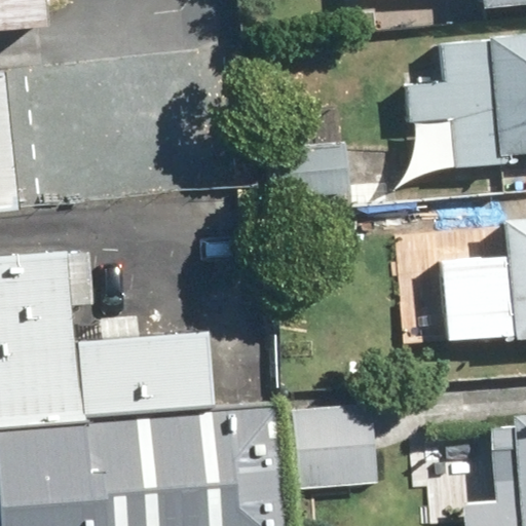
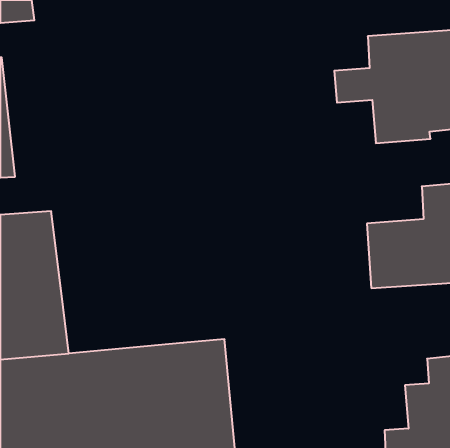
building: [73,328,215,415] -> none
building: [279,403,366,494] -> none

